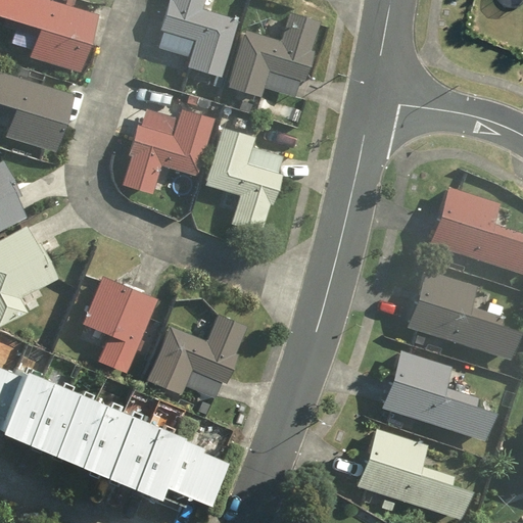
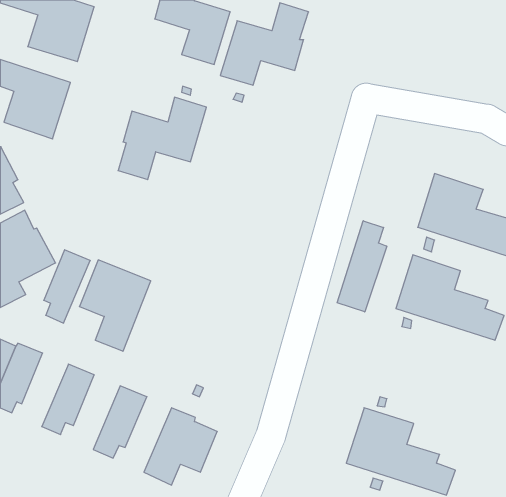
building: [204,129,283,233] -> none
building: none -> [337,221,387,312]
building: [146,316,246,395] -> none
building: [383,351,494,442] -> none
building: [23,374,72,449] -> [44,250,90,323]
building: [77,396,125,473] -> none
building: [130,419,178,496] -> none

